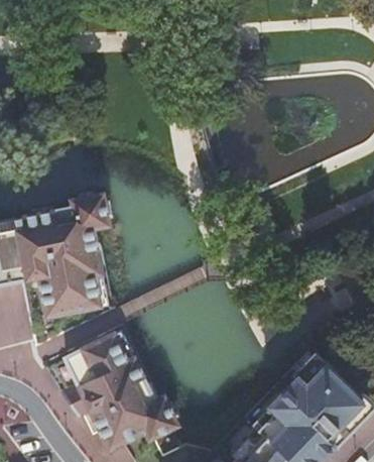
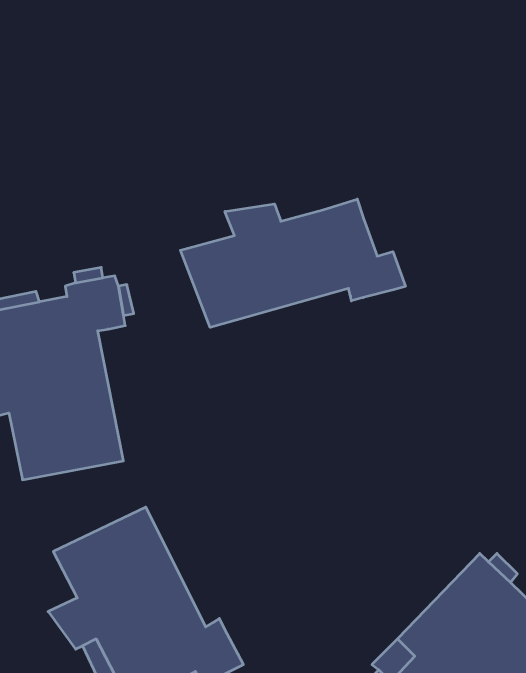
building: none -> [180,199,405,327]

